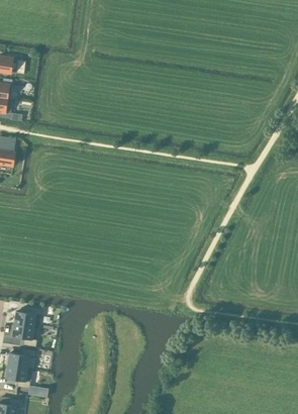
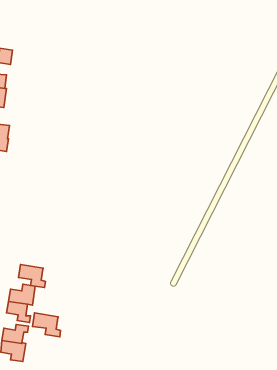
building: none -> [19,264,45,288]
building: none -> [32,313,61,337]

